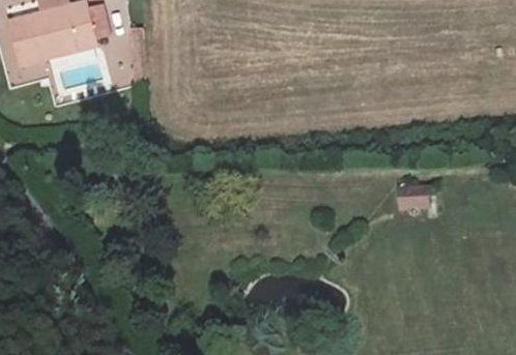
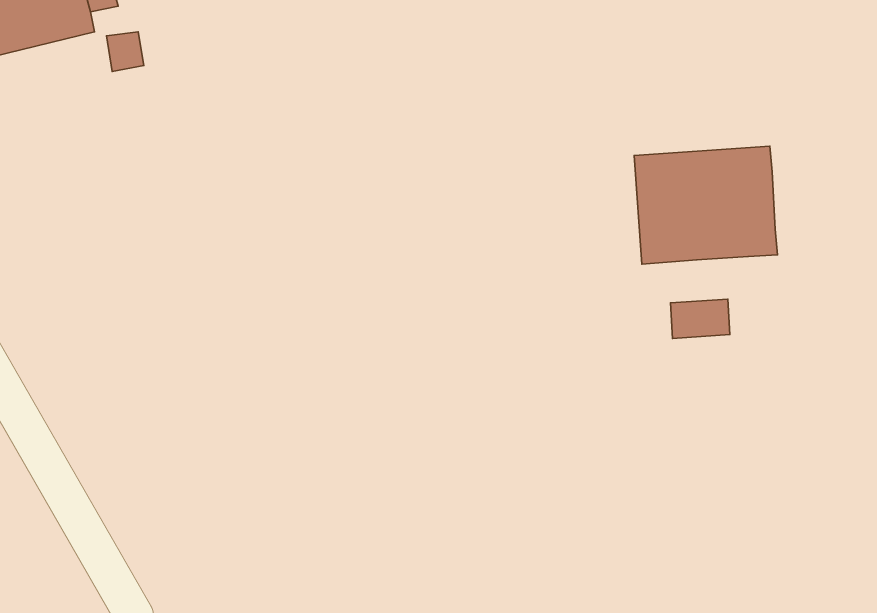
building: none -> [634,146,778,264]

